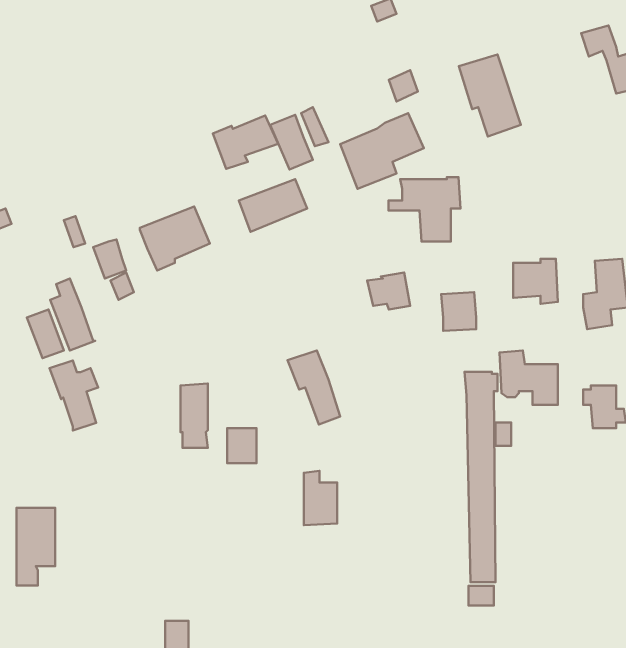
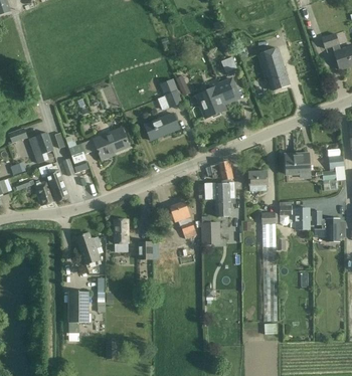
building: [213,115,278,169] -> none
building: [388,177,460,241] -> [198,182,235,215]
building: none -> [29,132,53,163]
building: [50,360,98,430] -> [76,232,102,268]
building: [304,471,337,525] -> [202,216,219,244]
building: [16,508,55,586] -> [68,293,89,333]

